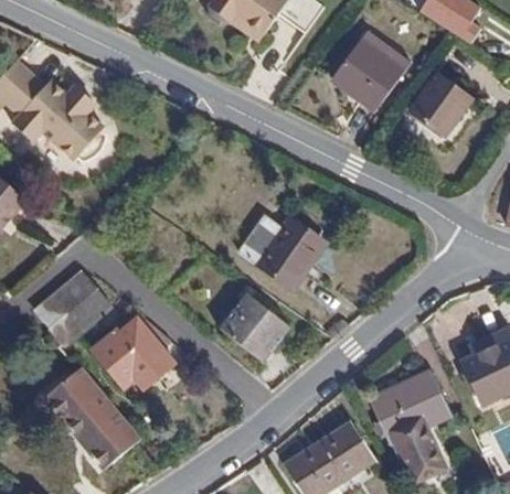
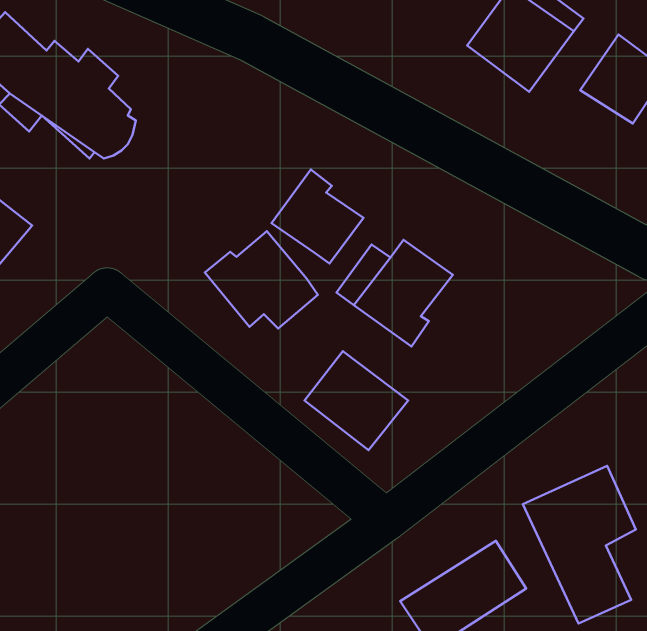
building: none -> [271,169,363,264]
building: [33,270,109,346] -> none
building: [94,319,172,386] -> [205,231,318,328]
building: [45,368,137,465] -> none

